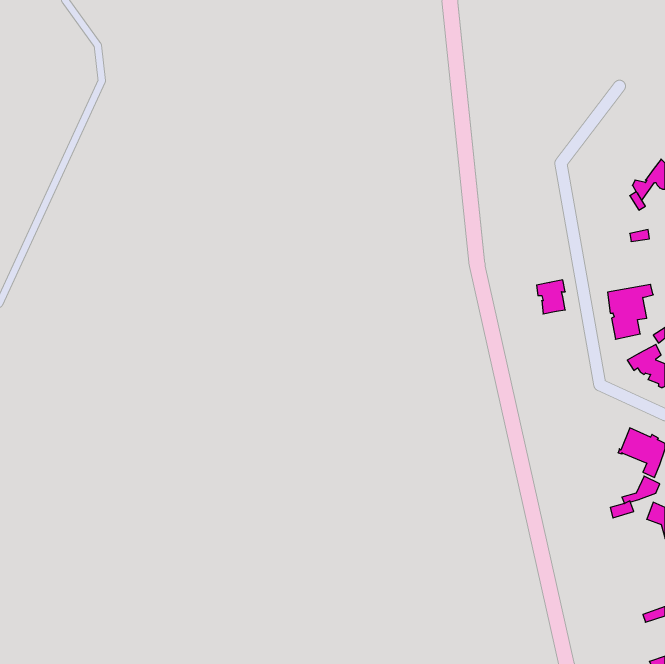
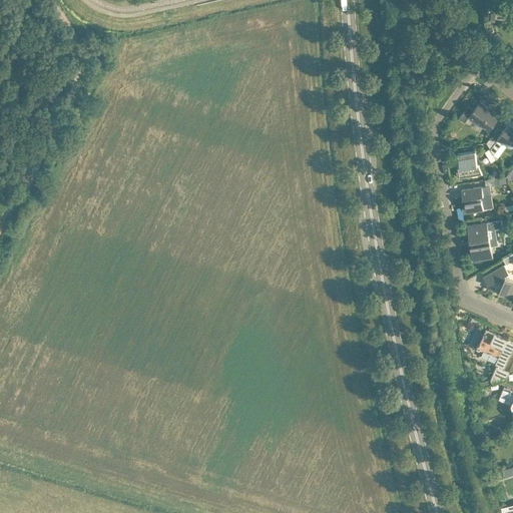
building: none -> [458,103,498,131]
building: none -> [456,152,482,179]
building: [537,280,565,314] -> [461,187,483,213]

